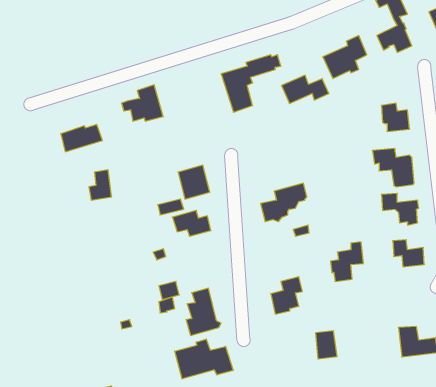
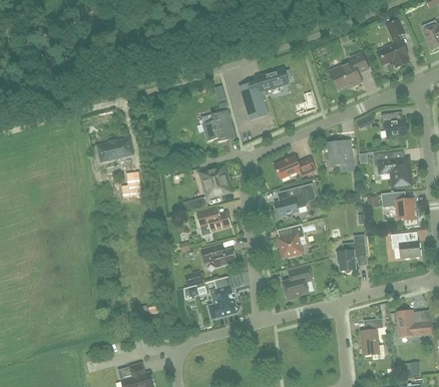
building: [282,75,329,104] -> [273,153,315,178]
building: [122,85,163,121] -> [196,108,234,140]
building: none -> [329,140,352,169]
building: none -> [277,223,305,257]
building: none -> [200,243,235,266]
building: [316,331,337,359] -> [360,329,379,354]
building: [175,339,233,379] -> none

